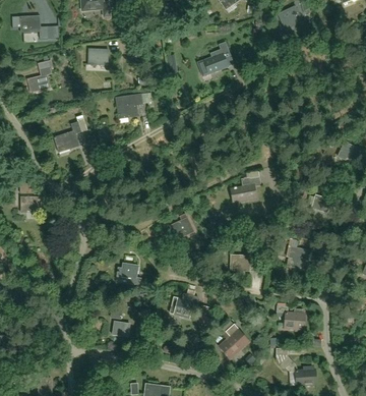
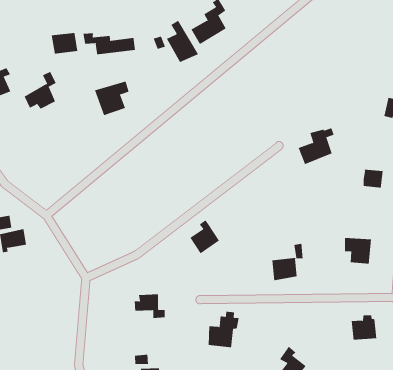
building: none -> [83,33,135,55]
building: none -> [166,20,199,63]
building: [54,121,81,150] -> [24,71,57,109]
building: [230,176,260,202] -> [298,128,335,165]

